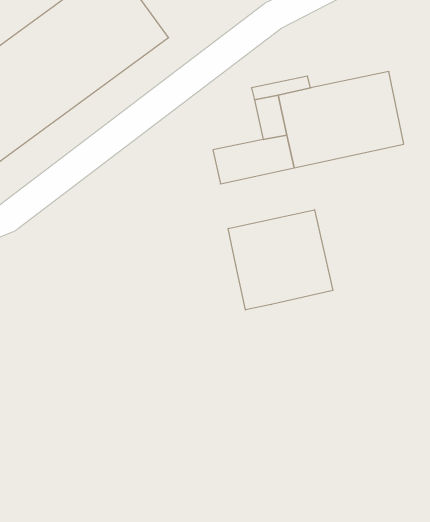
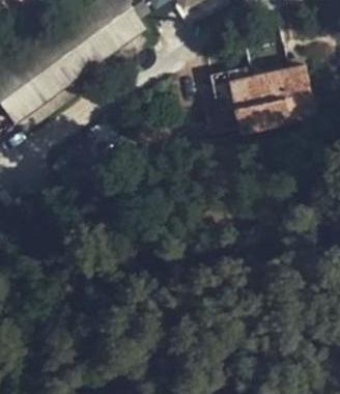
building: [228,210,333,310] -> none

